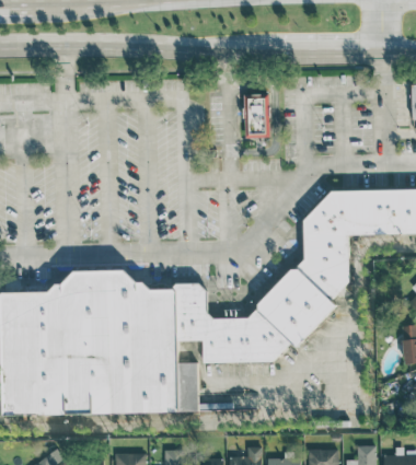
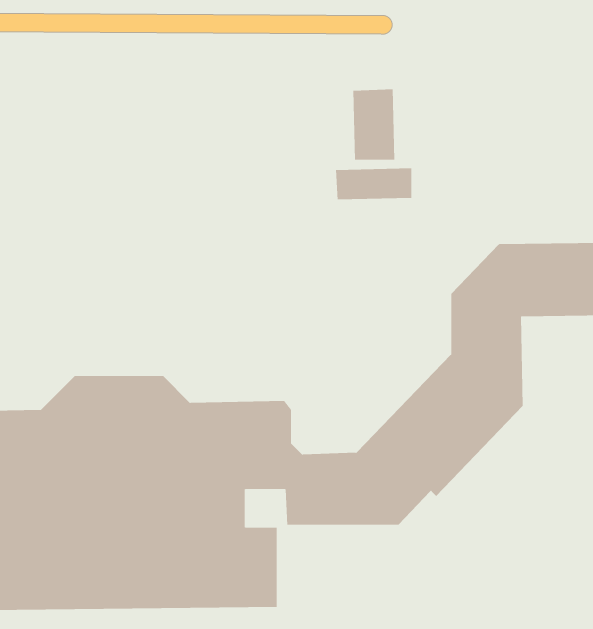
building: none -> [335,168,412,200]

